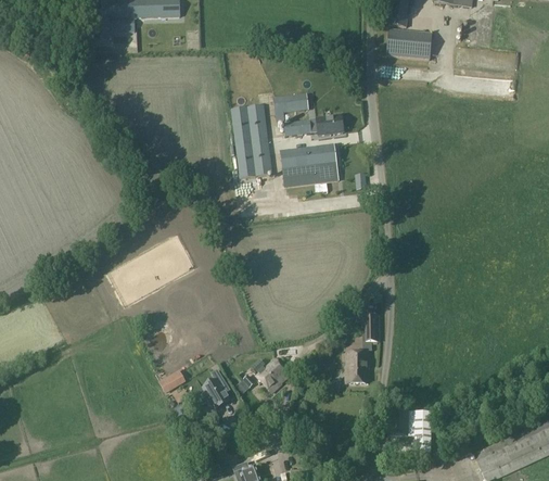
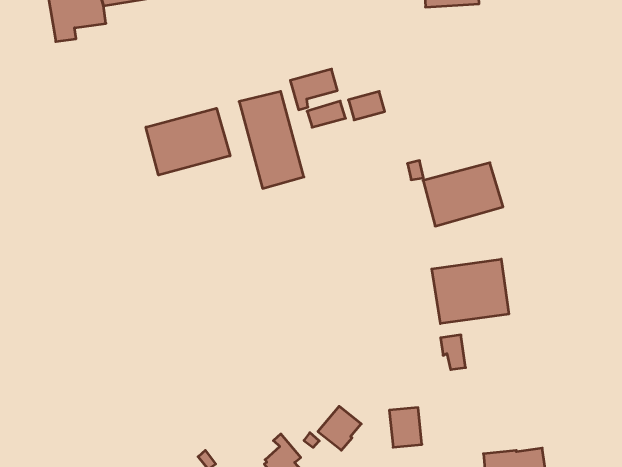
building: none -> [146,108,230,175]
building: [280,143,340,187] -> [423,163,503,226]
building: none -> [432,259,509,324]
building: [346,352,370,382] -> [389,408,422,447]

